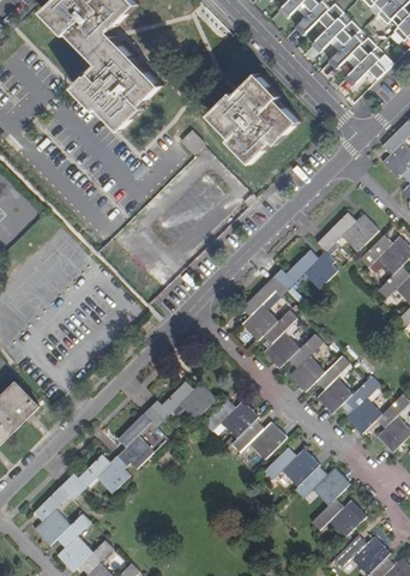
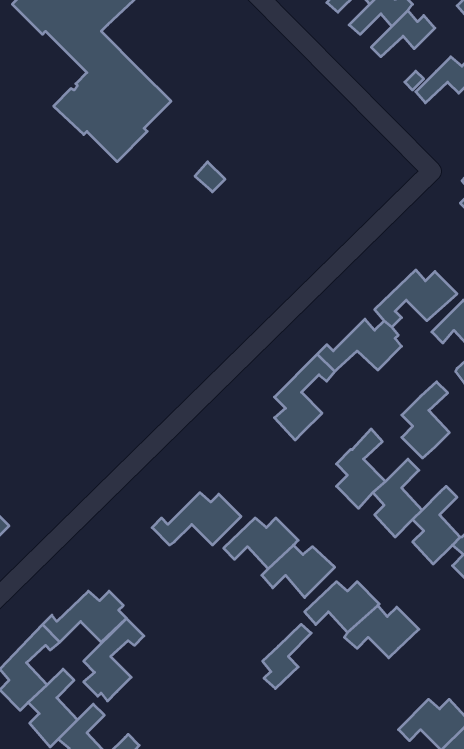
building: [331,34,379,68] -> none
building: [211,73,301,163] -> none
building: [263,310,299,367] -> [402,382,449,458]
building: [116,407,162,469] -> [84,618,144,701]
building: none -> [263,624,311,689]
building: [310,498,366,538] -> none

